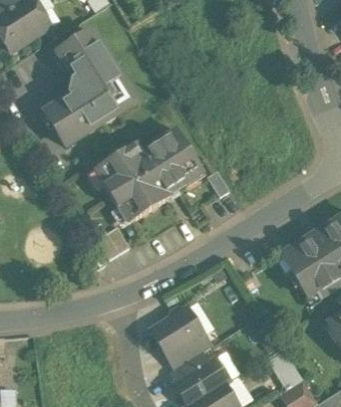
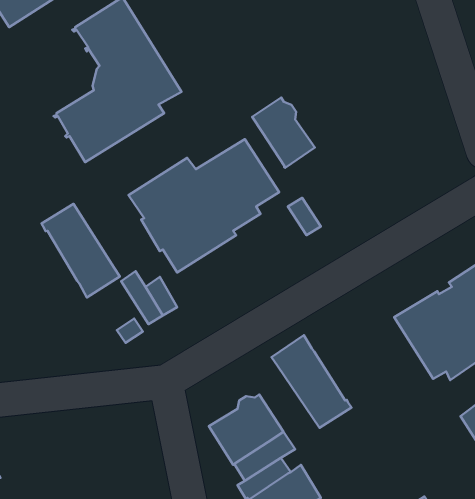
building: none -> [252,97,315,168]
building: none -> [41,204,120,297]
building: none -> [272,335,351,428]

